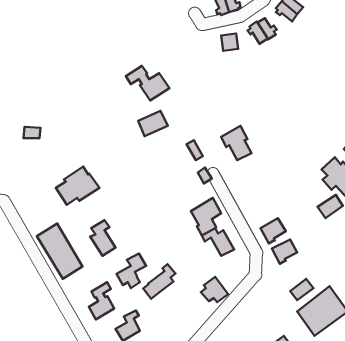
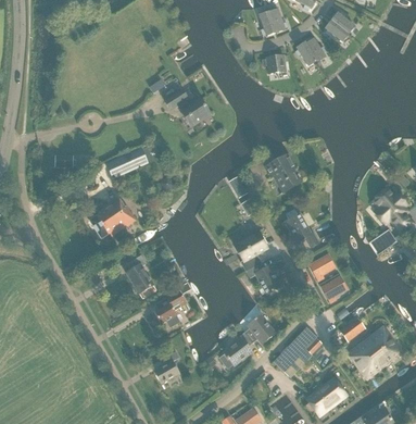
building: [138,111,168,136] -> [116,146,148,173]
building: none -> [285,213,319,247]
building: [37,223,82,279] -> none
building: [143,264,176,299] -> [218,332,253,369]
building: [89,282,114,320] -> none
building: none -> [273,326,322,371]

